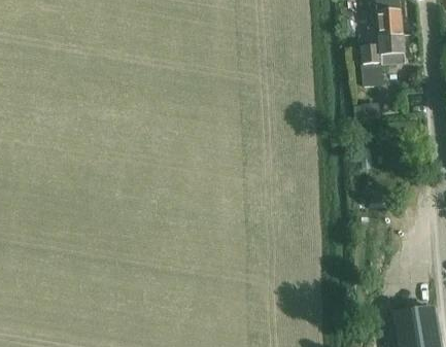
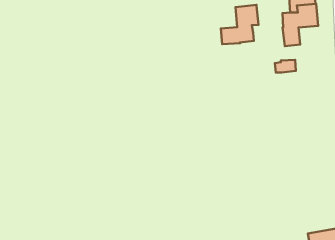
building: none -> [221,5,258,44]

